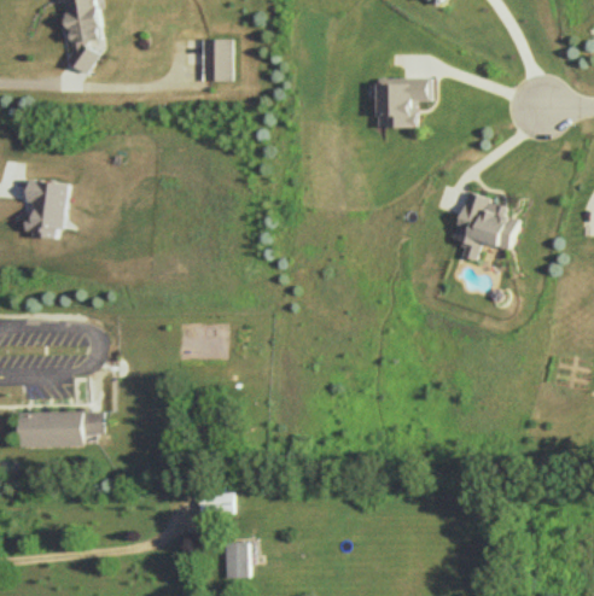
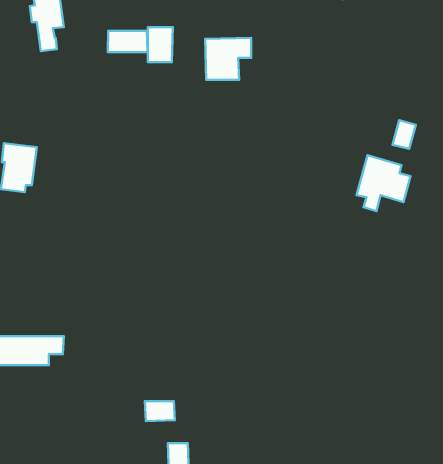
building: none -> [108,31,148,52]
building: [377,77,432,128] -> [205,38,251,80]
building: none -> [393,120,416,149]

